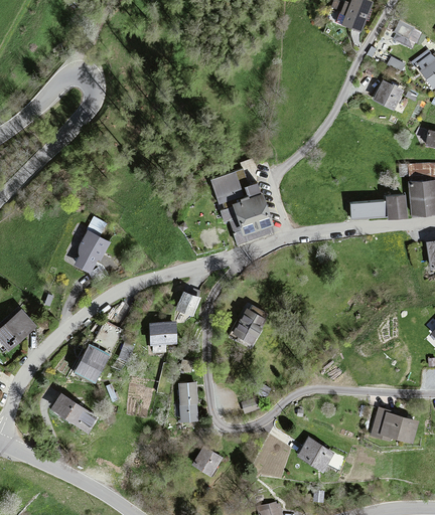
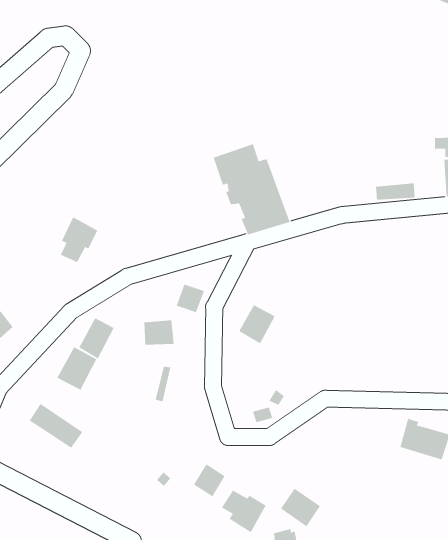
building: [374,80,402,108] -> none
building: [386,196,406,217] -> none
building: [179,381,198,420] -> none
building: [296,437,331,471] -> [280,488,321,527]
building: none -> [221,490,267,533]

